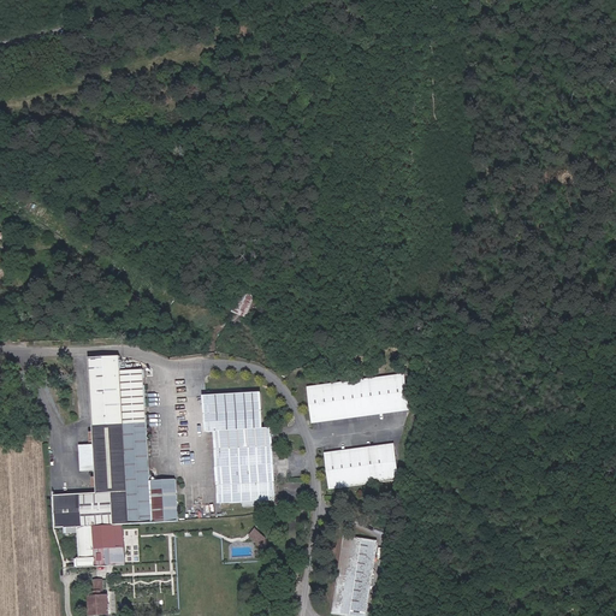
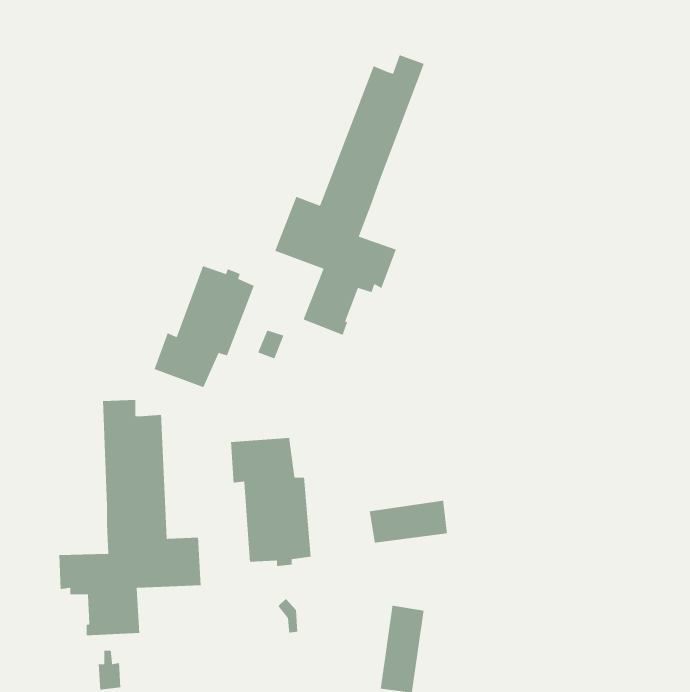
building: none -> [274,54,425,336]
building: none -> [154,265,255,388]
building: [308,374,405,417] -> none

